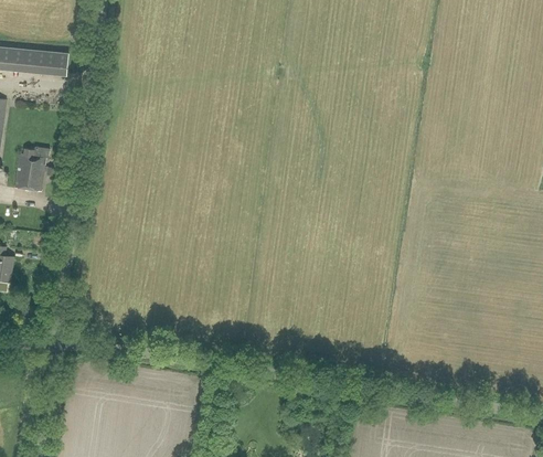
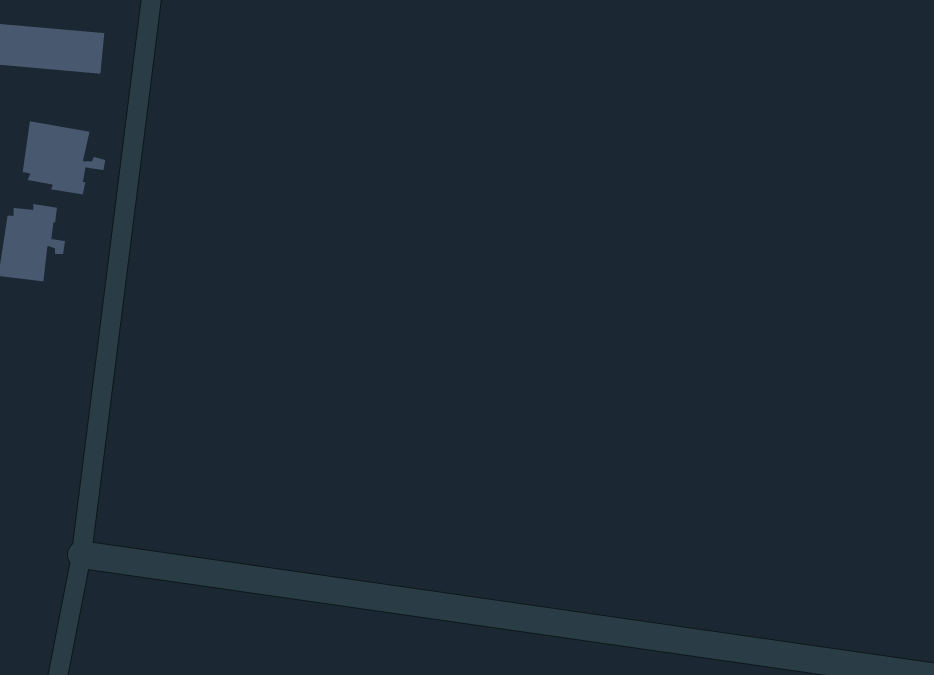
building: none -> [22,121,106,195]

